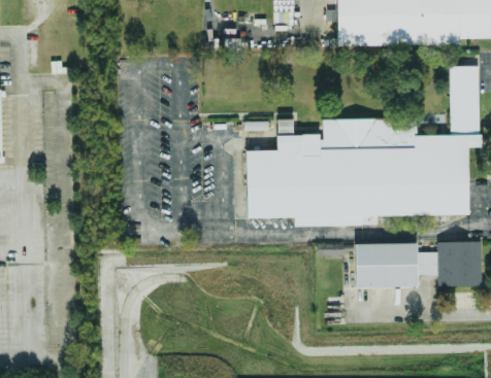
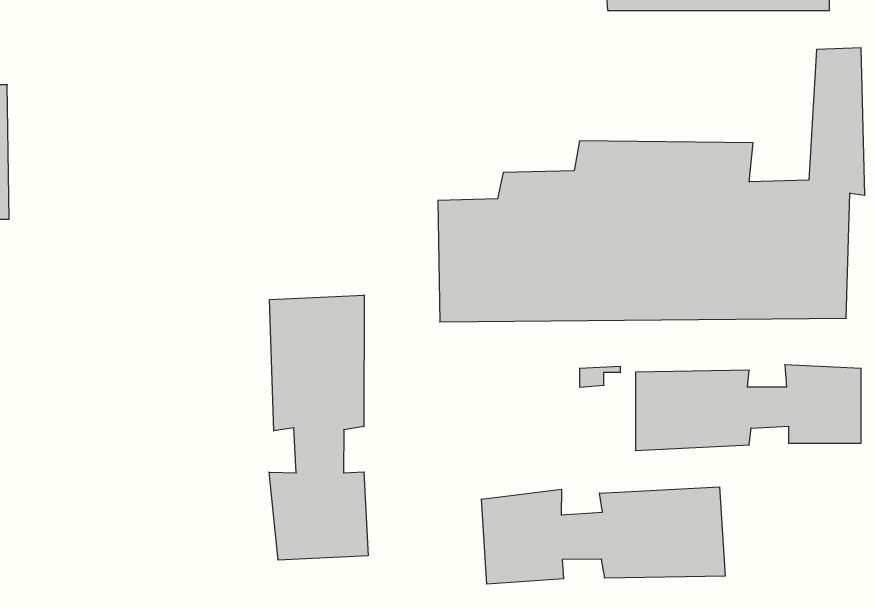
building: none -> [269,295,368,560]
building: none -> [481,487,725,584]

